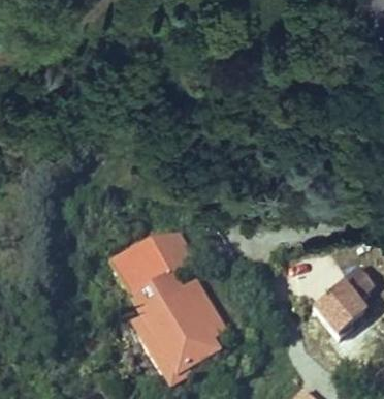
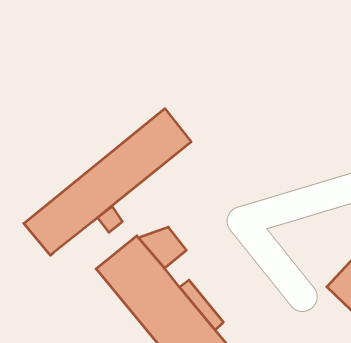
building: none -> [24,109,191,255]

